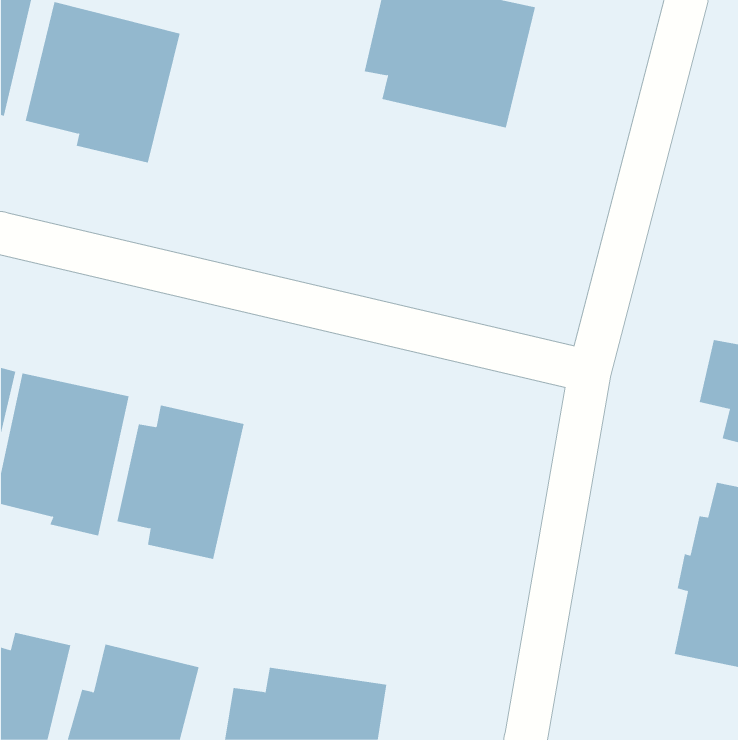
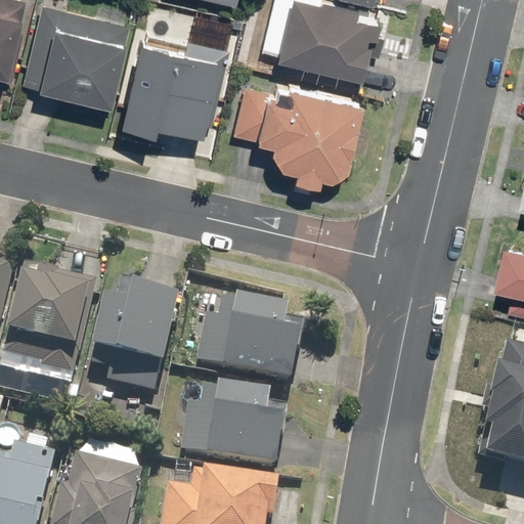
building: none -> [117,38,230,138]
building: none -> [232,82,360,185]
building: none -> [195,296,304,386]
building: none -> [180,386,286,472]

